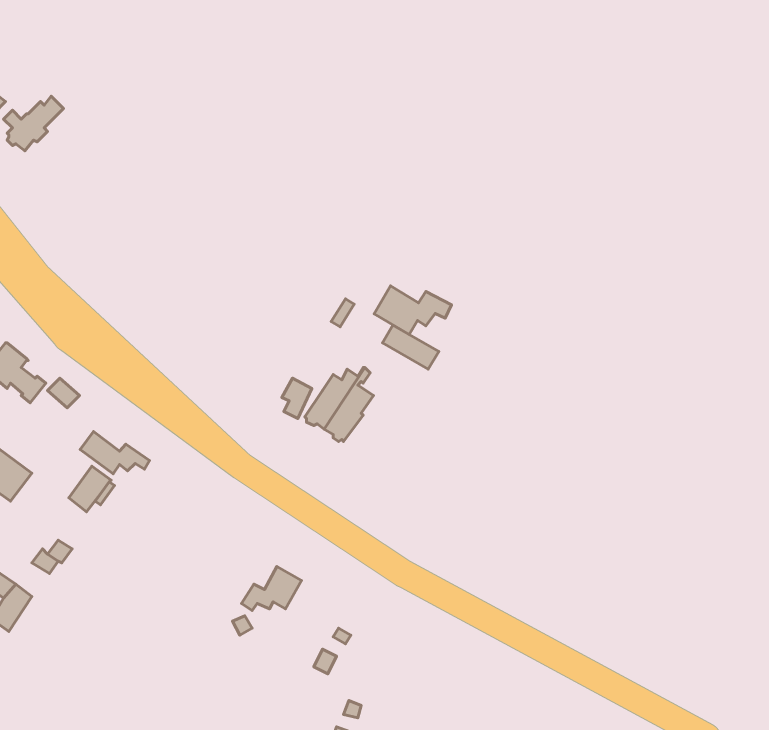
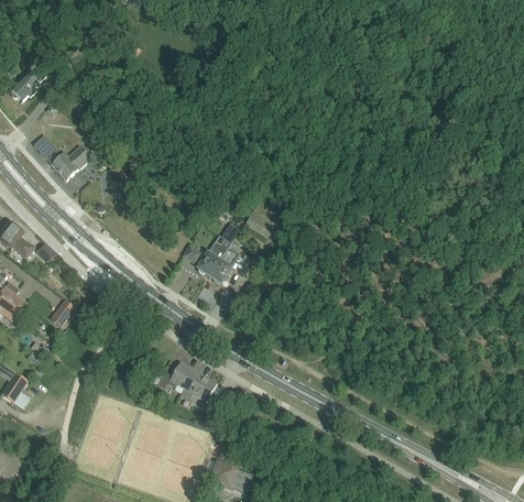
building: none -> [32,134,88,181]
building: [374,286,452,335] -> none
building: [80,432,150,474] -> none
building: none -> [184,370,216,401]

